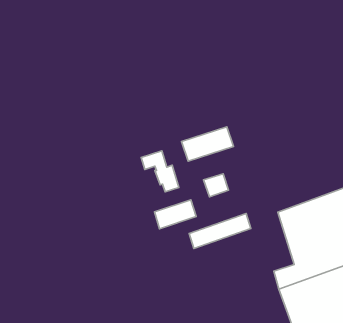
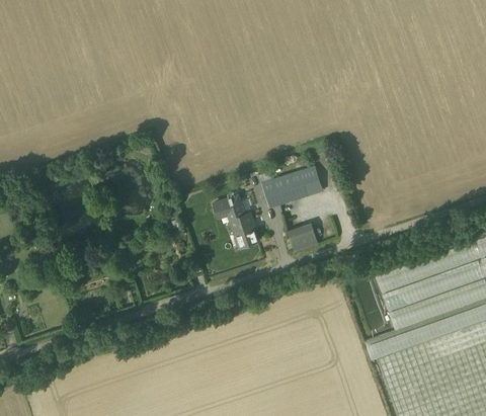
building: [154,200,196,229] -> none
building: [189,213,251,248] -> none

